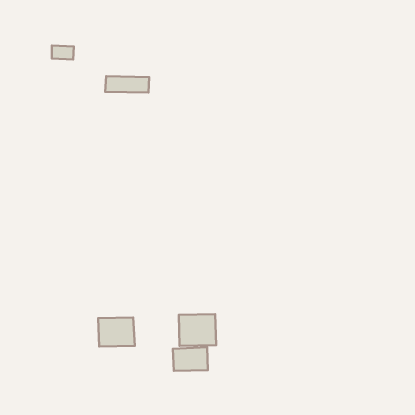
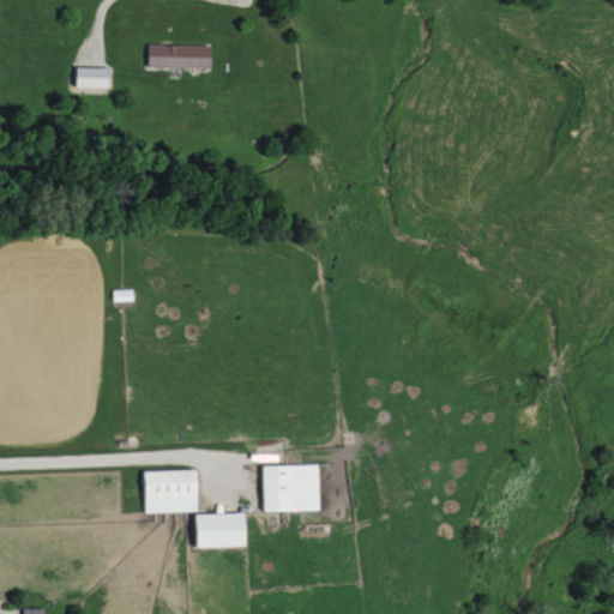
building: [105,76,149,92] -> [148,46,212,70]
building: [173,347,208,371] -> [195,512,247,547]

